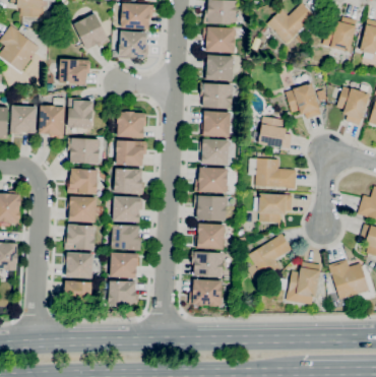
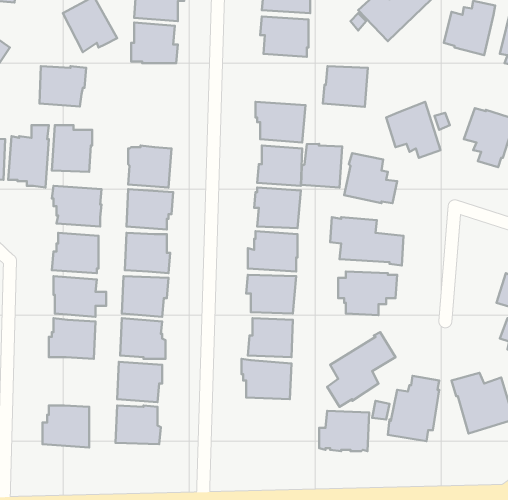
building: [204,55,234,81] -> [323,66,368,107]
building: none -> [301,144,342,188]
building: [64,252,93,278] -> none
building: [189,279,222,306] -> [319,411,369,451]

